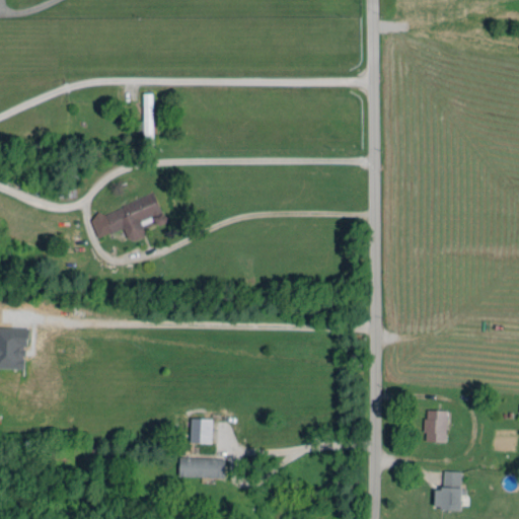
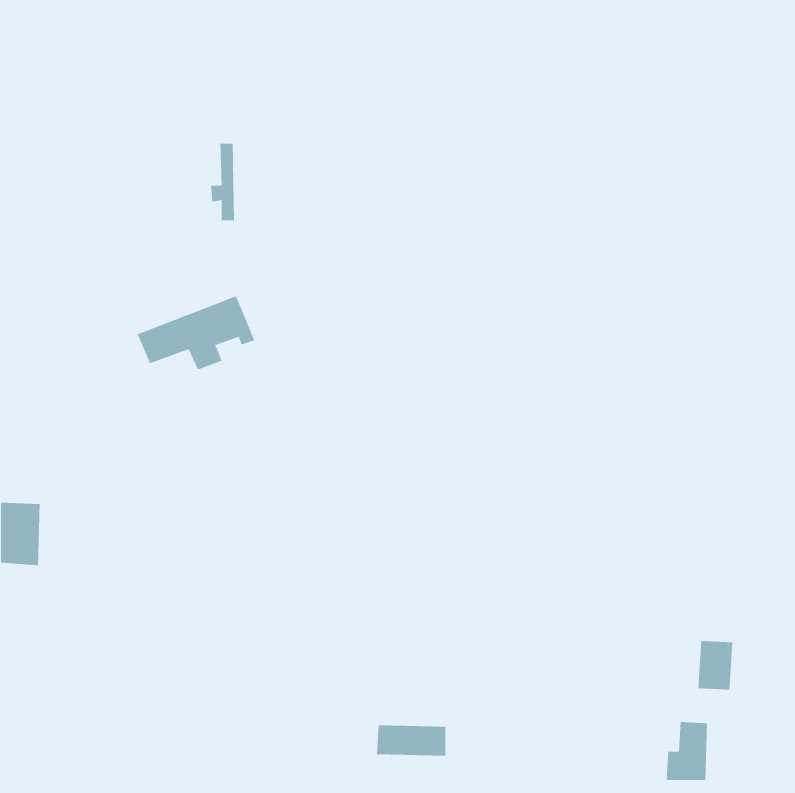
building: [424,411,447,443] -> [697,640,733,690]
building: [190,419,212,444] -> none
building: [178,458,224,478] -> [376,725,446,756]

